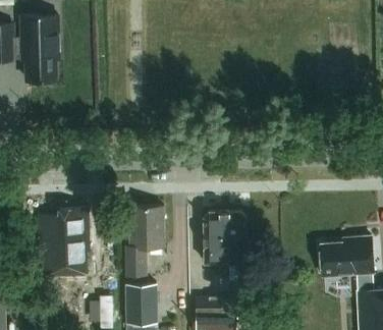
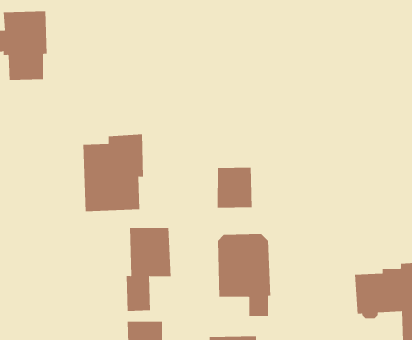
building: none -> [217,167,252,209]
building: [37,206,89,272] -> [83,134,144,212]

